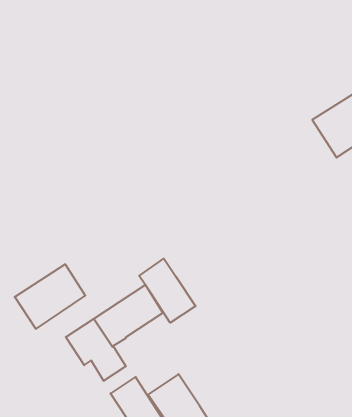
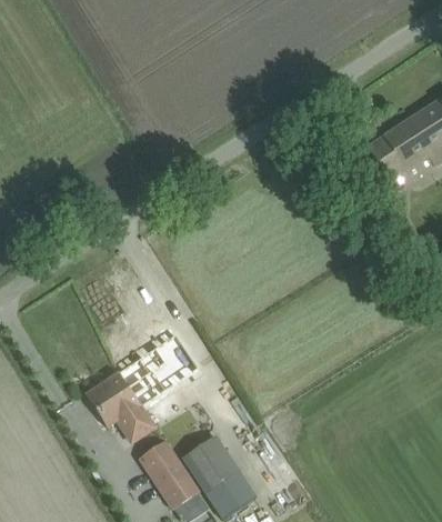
building: [139,259,196,323] -> none
building: [15,264,85,329] -> none

